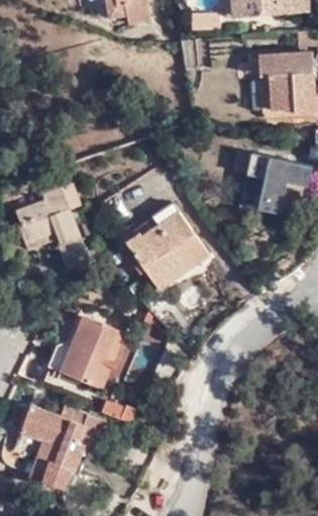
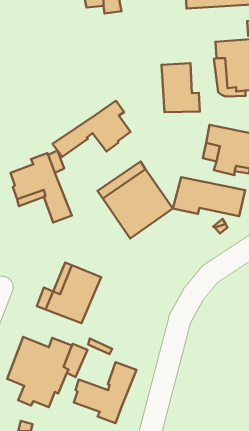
building: none -> [162,63,200,112]
building: none -> [53,101,130,157]
building: none -> [173,177,245,216]
building: none -> [74,362,136,423]

